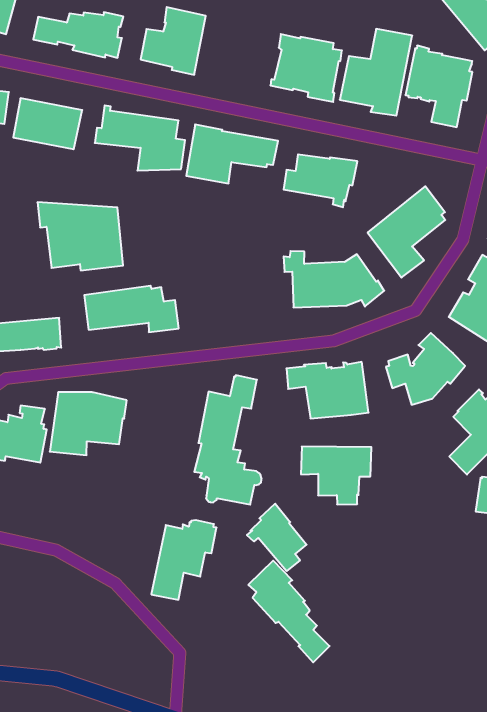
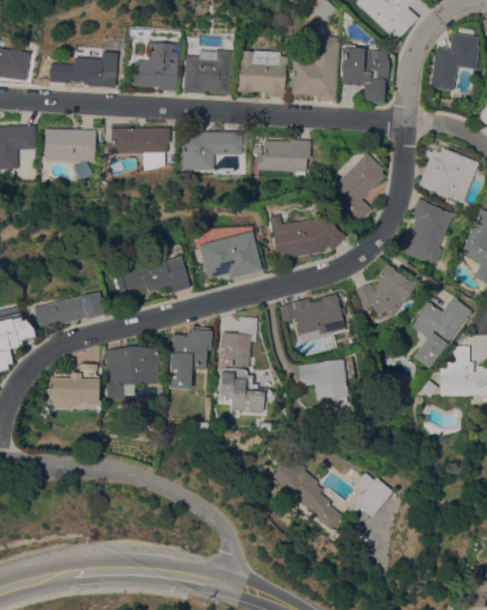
building: none -> [183,50,232,94]
building: [37,202,123,270] -> [189,225,262,279]
building: [247,504,307,571] -> none
building: [151,520,217,600] -> [169,326,212,390]
building: none -> [345,472,393,517]

